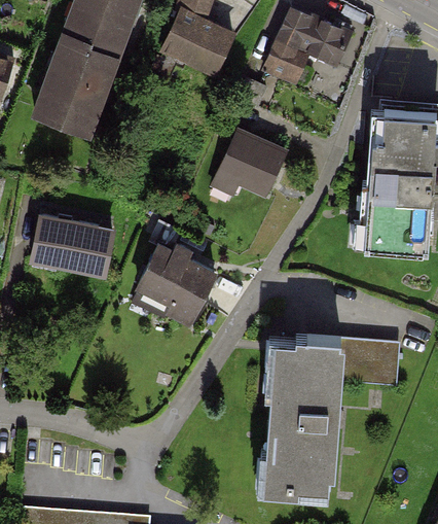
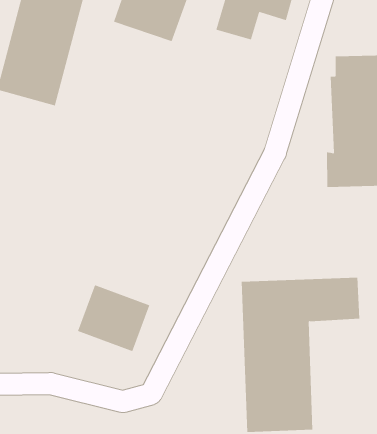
building: [220,121,287,190] -> none
building: [35,218,115,276] -> none
building: [136,244,214,317] -> [77,285,150,352]

